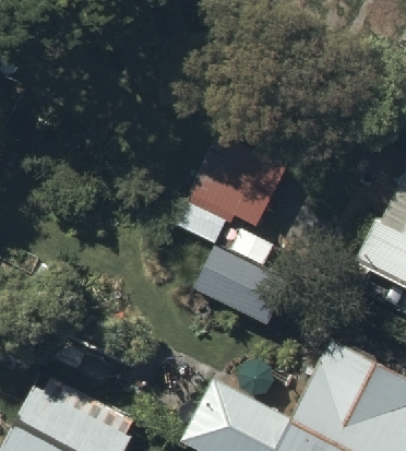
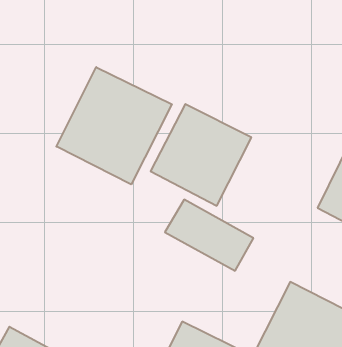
building: none -> [56,67,172,184]

